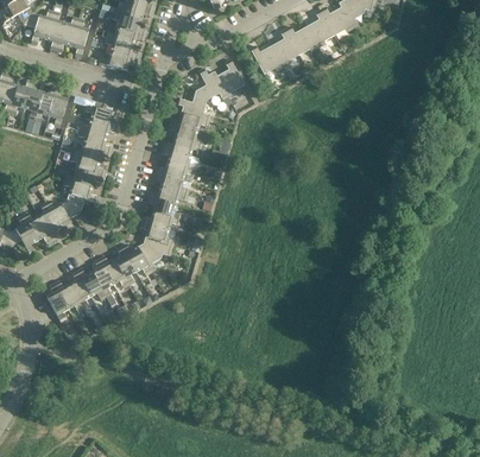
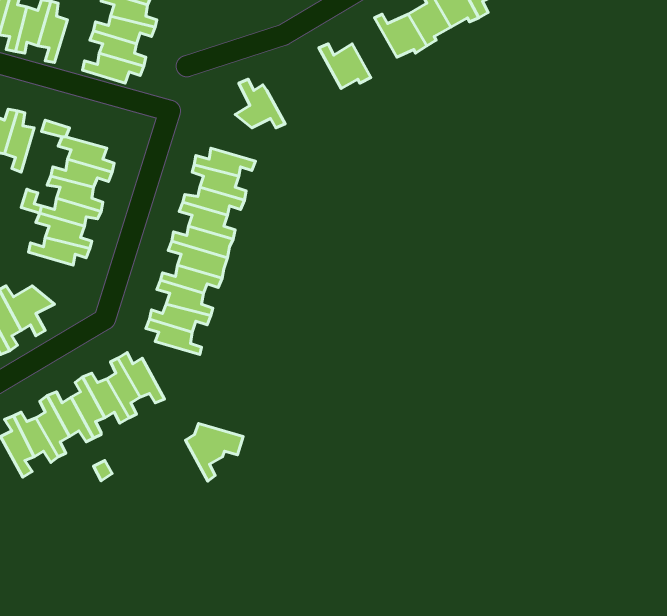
building: [271,30,299,68] -> none
building: [216,59,244,97] -> none
building: [175,91,210,121] -> none
building: [63,179,97,212] -> none
building: [137,236,173,273] -> [185,423,243,481]

